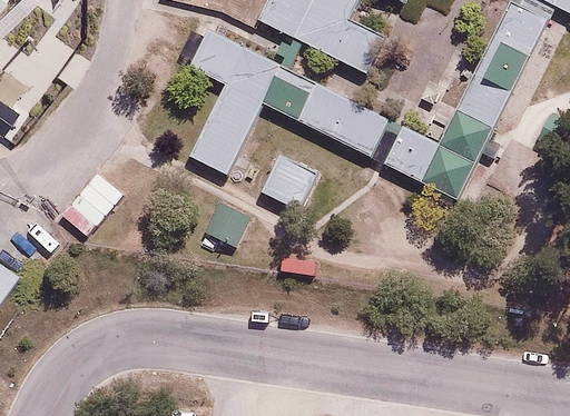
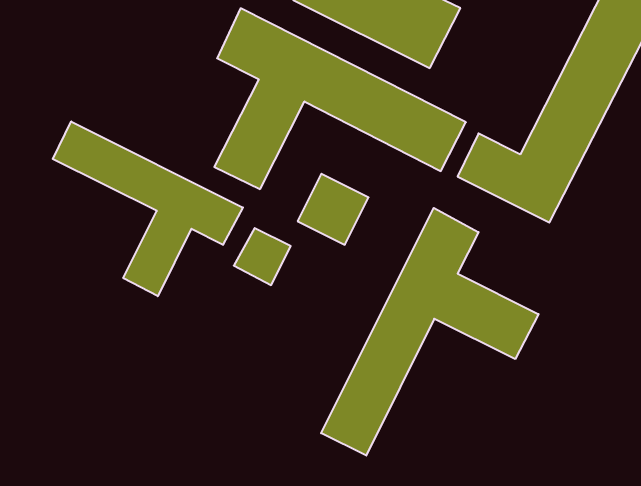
building: none -> [53,121,243,296]
building: none -> [321,208,539,456]

